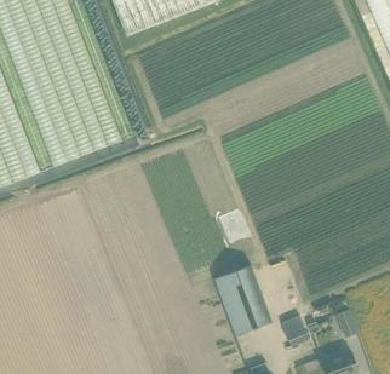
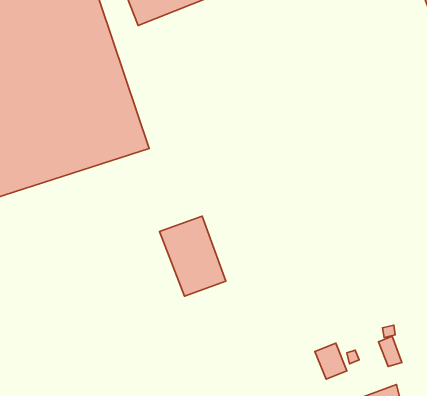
building: [210,258,268,328] -> [159,216,226,296]

